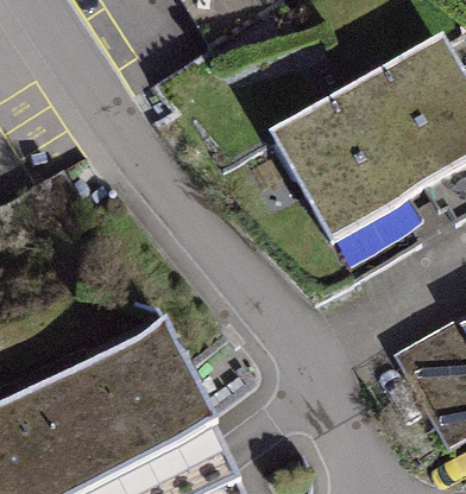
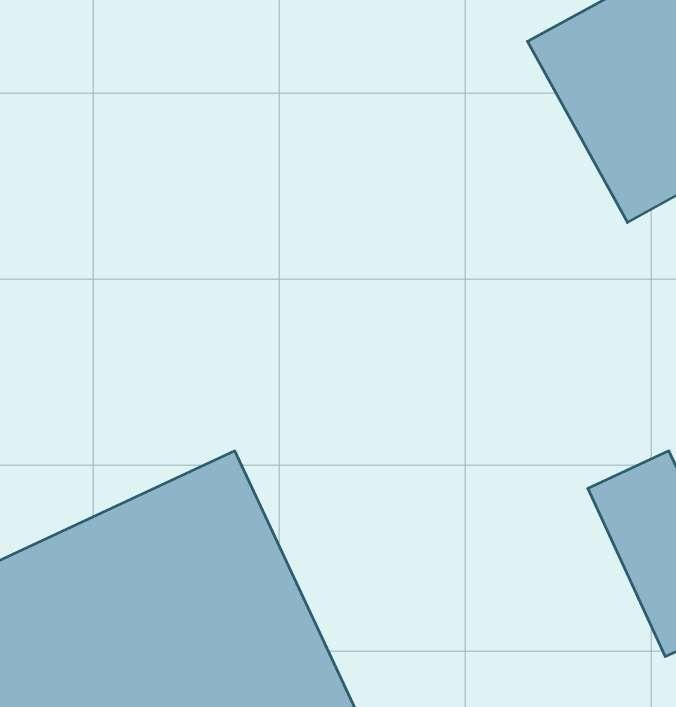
building: [266,72,418,235] -> none

